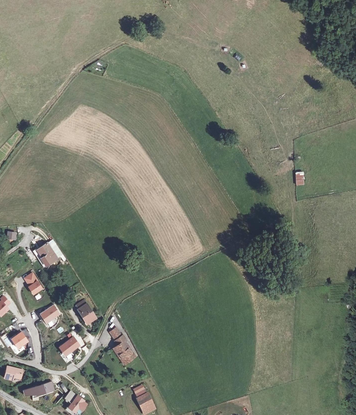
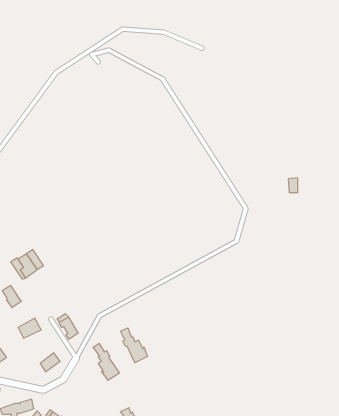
building: none -> [121,328,148,363]

